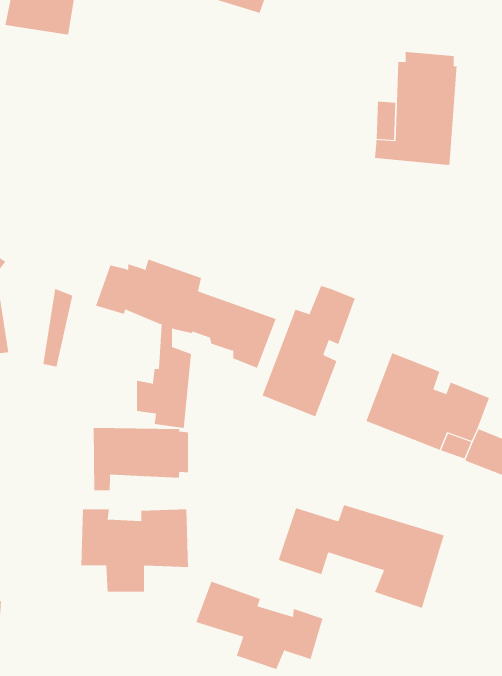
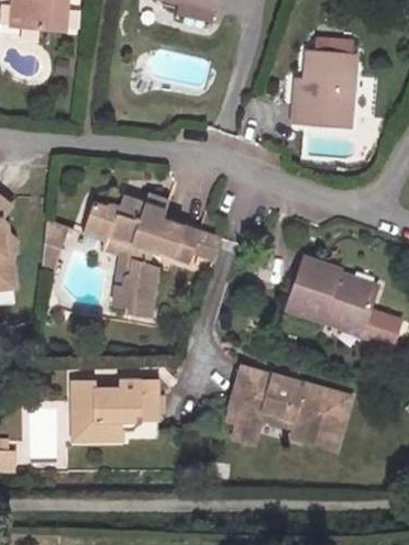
building: [262,285,356,417] -> none
building: [93,427,189,491] -> none
building: [195,581,323,670] -> none

